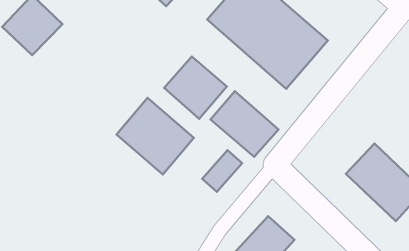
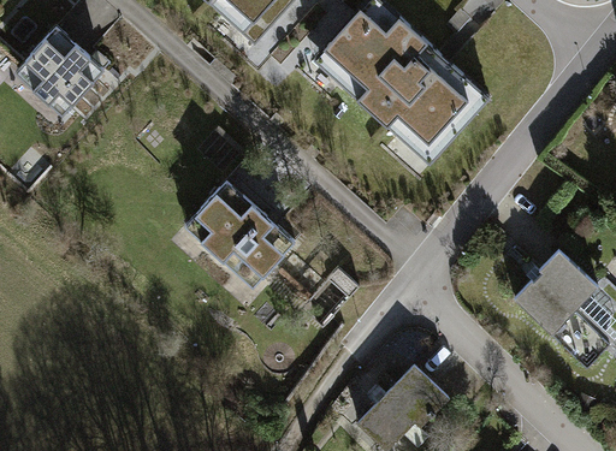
building: [164,57,227,119] -> none
building: [211,91,279,157] -> none

